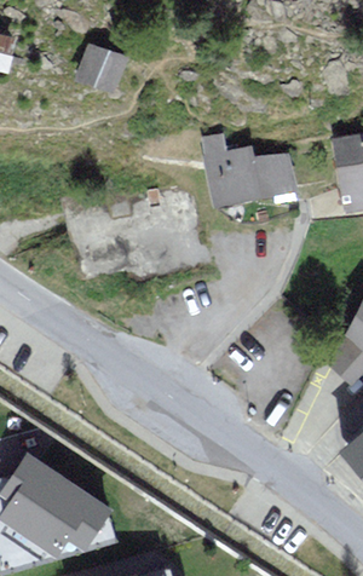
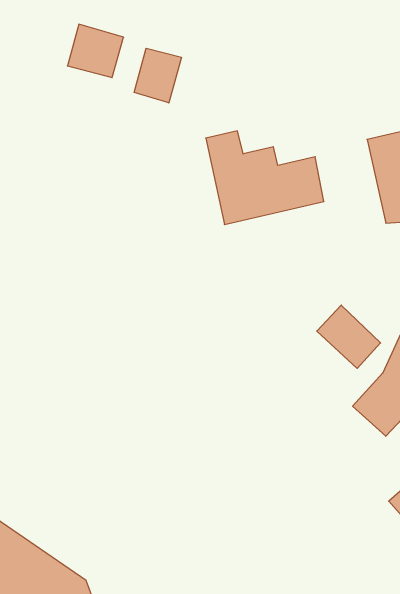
building: none -> [134,48,181,103]
building: none -> [317,305,381,368]

